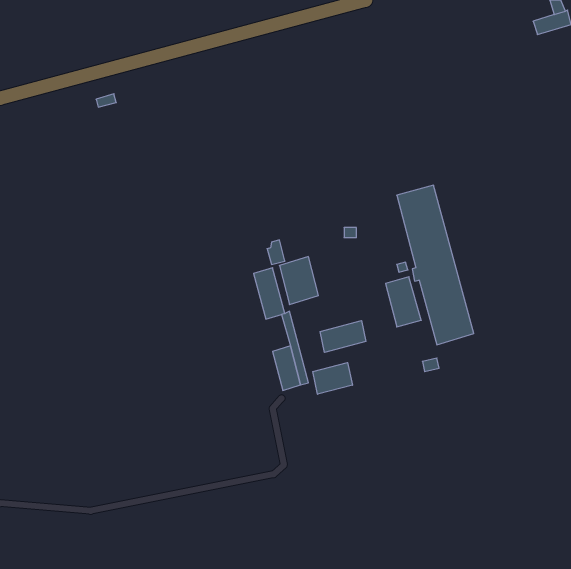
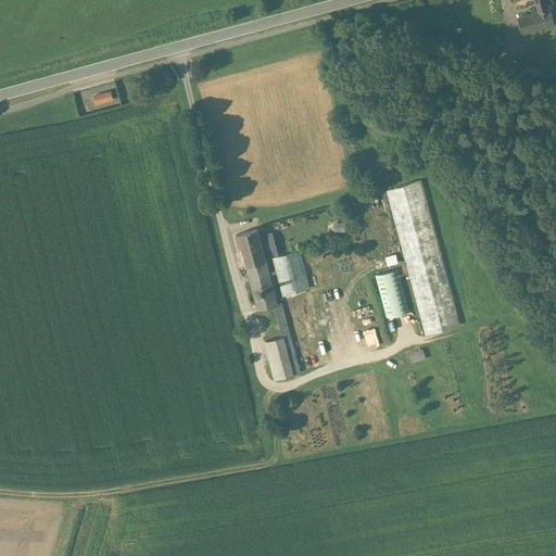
building: none -> [236,230,265,267]
building: [320,321,366,352] -> none
building: [313,363,352,394] -> none

